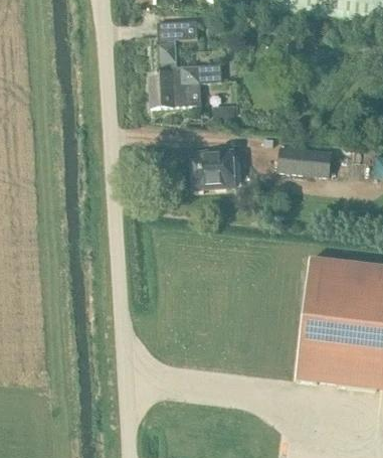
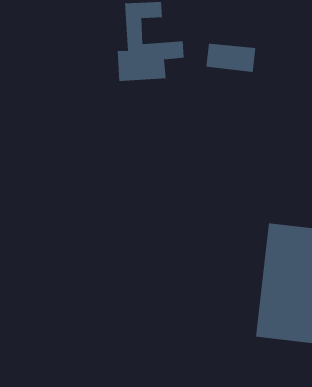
building: [277,146,332,177] -> [205,43,256,72]
building: [189,147,234,187] -> none

